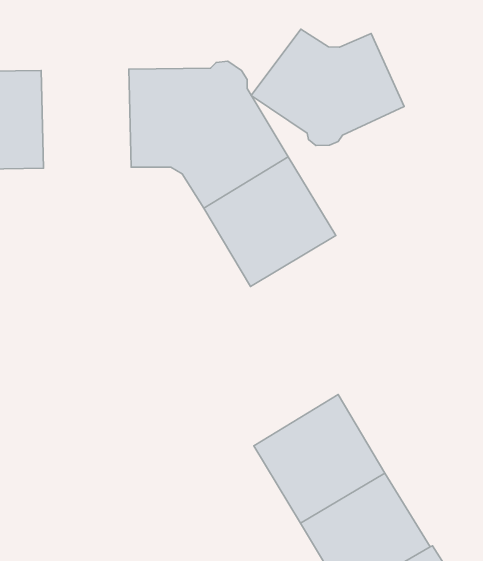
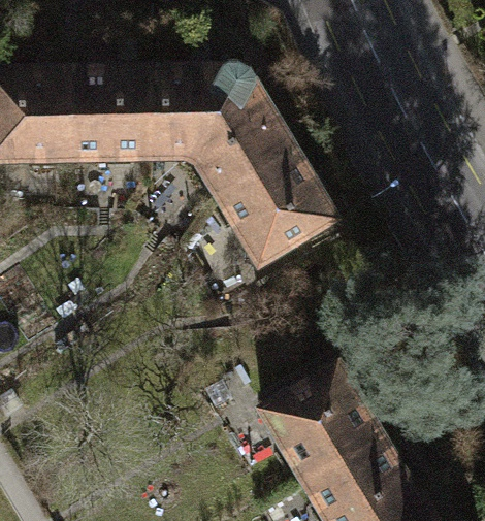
building: [251,29,404,145] -> none
building: none -> [70,71,152,161]

